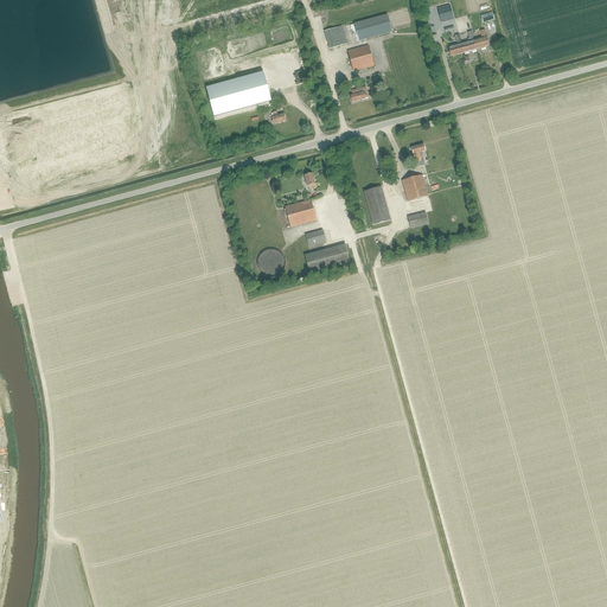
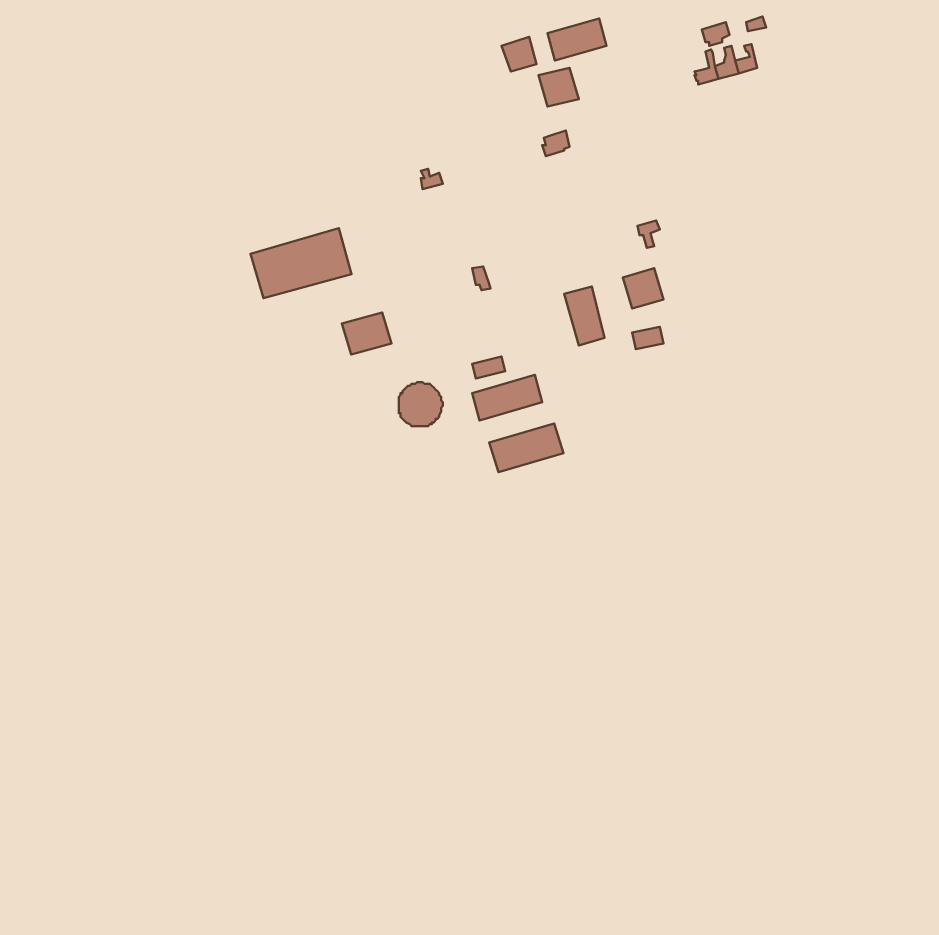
building: [206,70,271,115] -> [251,228,352,298]
building: [285,198,317,225] -> [342,312,391,355]
building: none -> [489,424,563,472]

